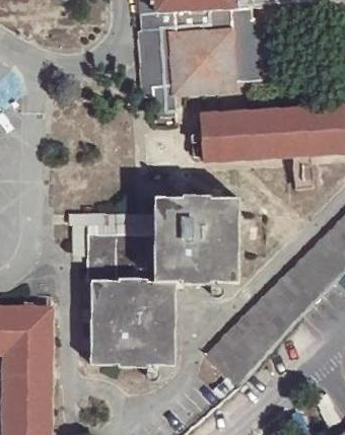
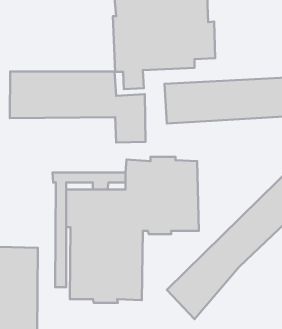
building: none -> [10,72,146,142]

